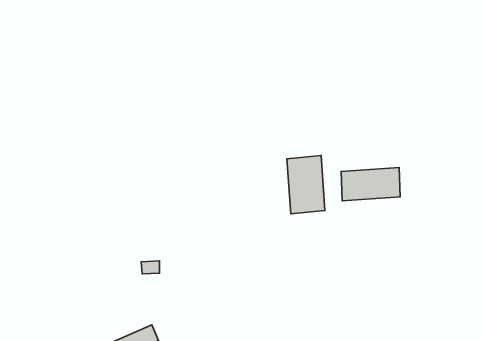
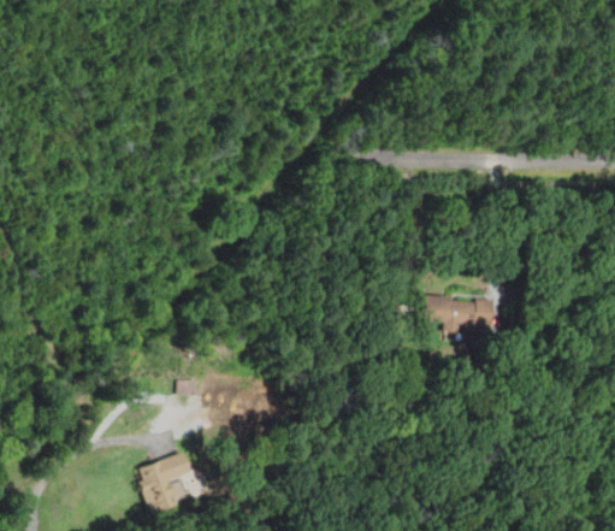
building: [287,155,325,214] -> none

